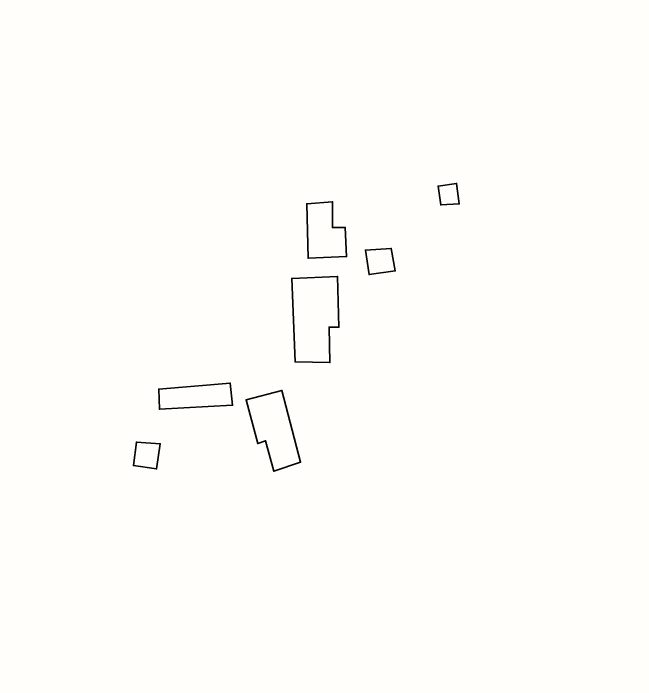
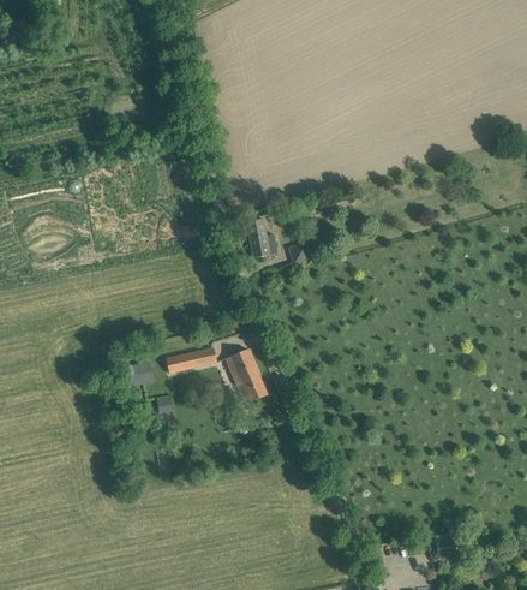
building: [292,277,339,362] -> none
building: none -> [121,360,155,387]

